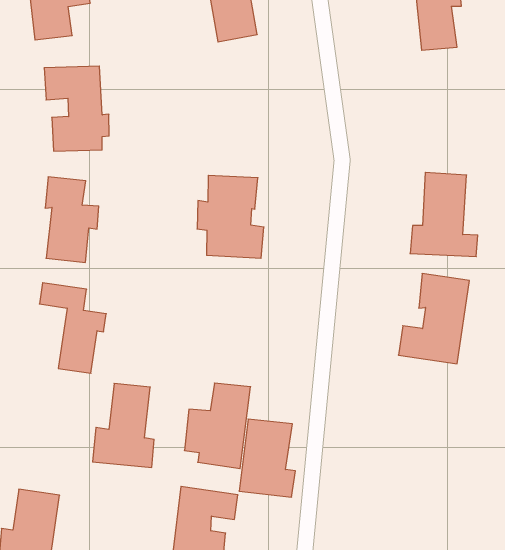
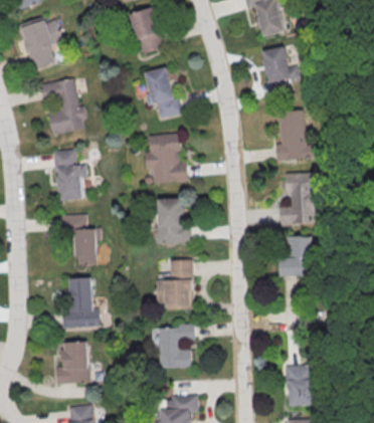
building: none -> [262,45,300,90]
building: none -> [145,68,181,119]
building: none -> [279,238,312,279]
building: [93,383,154,467] -> [60,276,98,327]
building: [239,419,295,497] -> [157,197,190,242]

